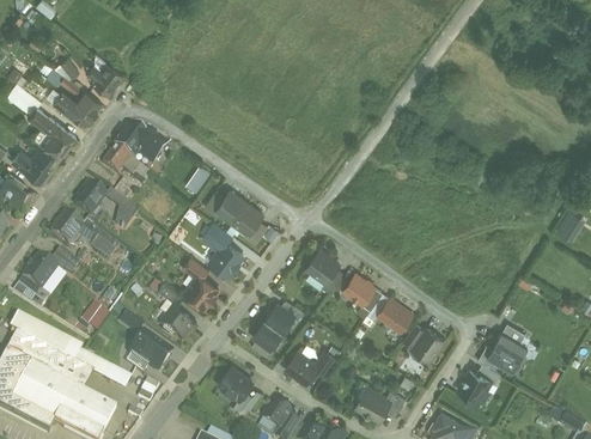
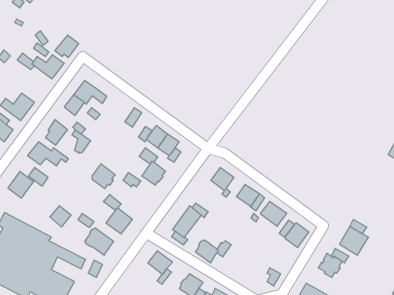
building: [28,106,74,158] -> none
building: [185,273,218,307] -> [92,164,115,189]
building: [355,388,390,421] -> none

